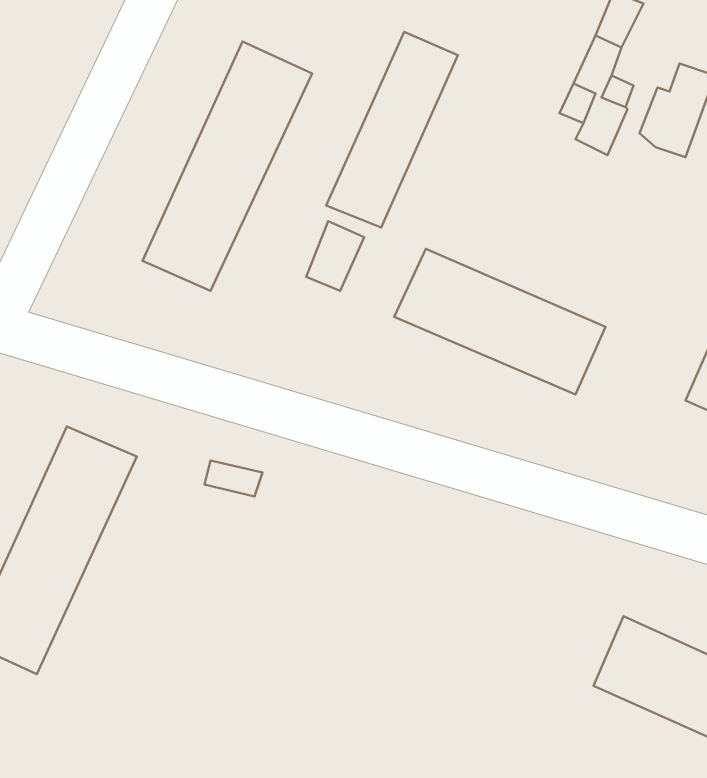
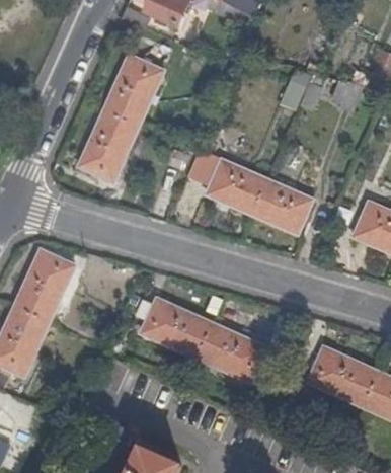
building: [326,32,458,228] -> none
building: none -> [140,298,266,381]

